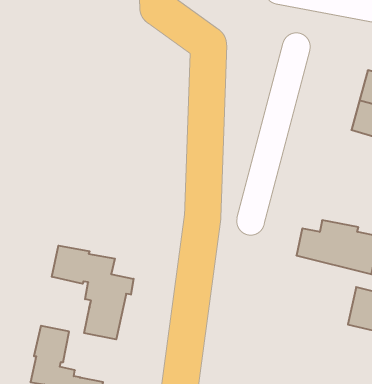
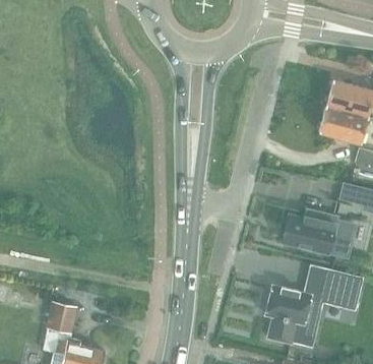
building: [52,246,134,339] -> none
building: none -> [267,287,313,344]

